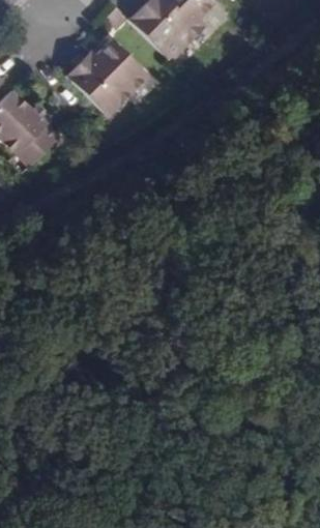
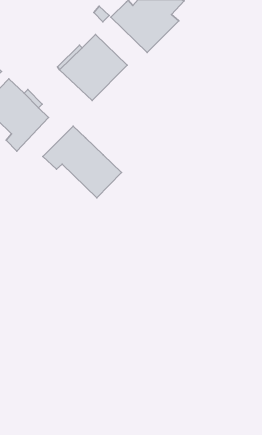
building: none -> [43,126,121,198]

